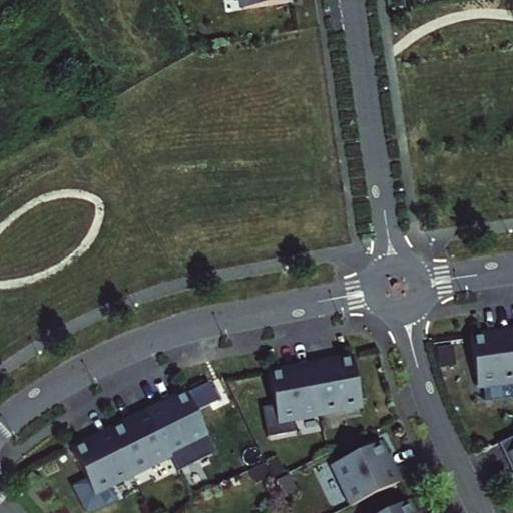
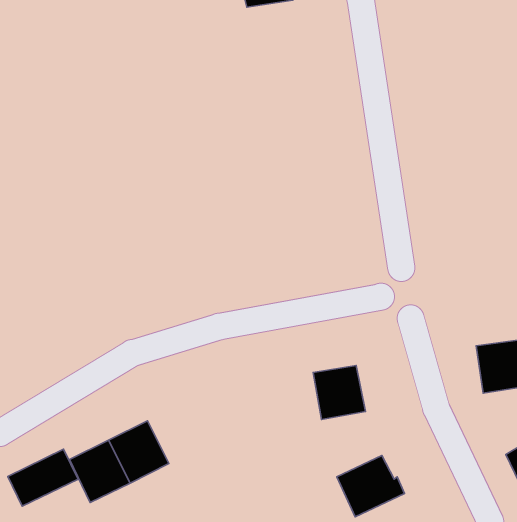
building: [265,365,321,436] -> none
building: [150,393,218,471] -> none
building: none -> [8,449,78,506]

